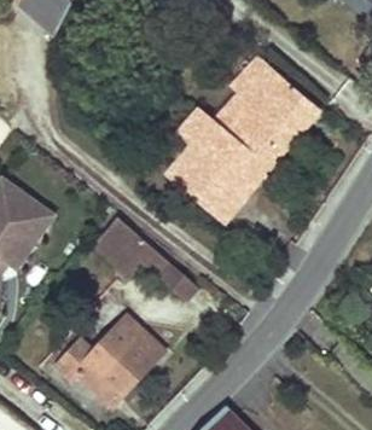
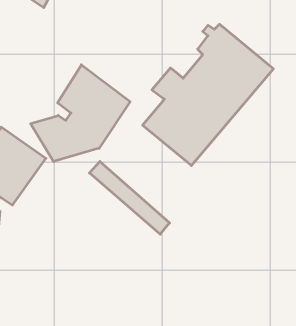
building: none -> [31,65,130,162]
building: [54,316,164,397] -> none

